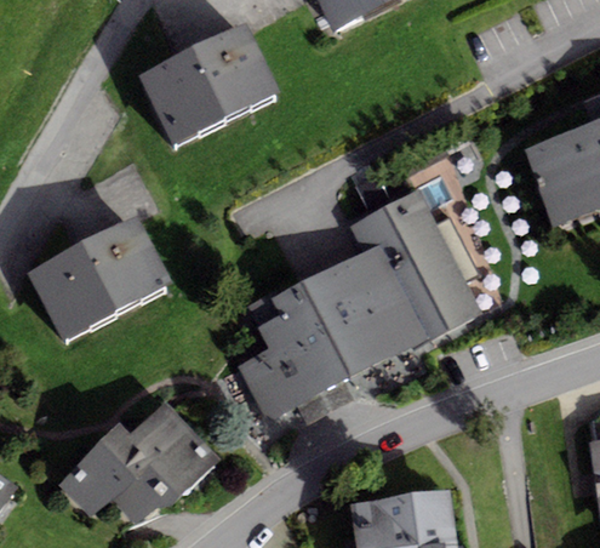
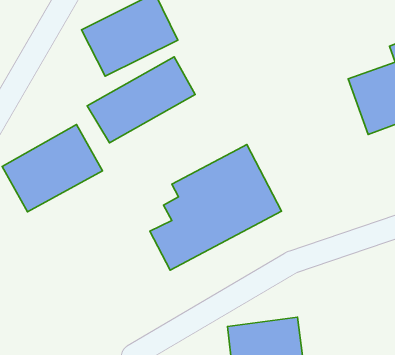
building: none -> [87,57,195,143]
building: [353,190,484,341] -> none
building: [59,403,217,524] -> none

